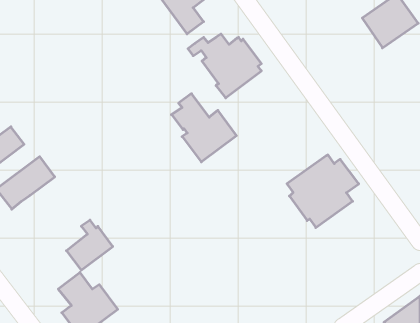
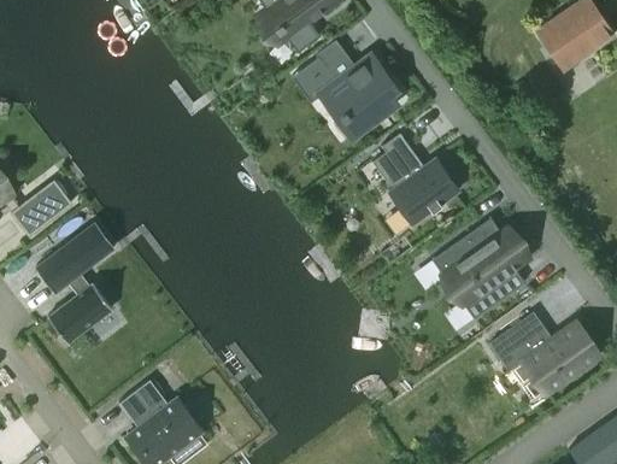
building: [171,94,236,162] -> [370,134,459,228]
building: [66,220,113,270] -> [47,275,111,343]
building: none -> [487,312,603,399]

